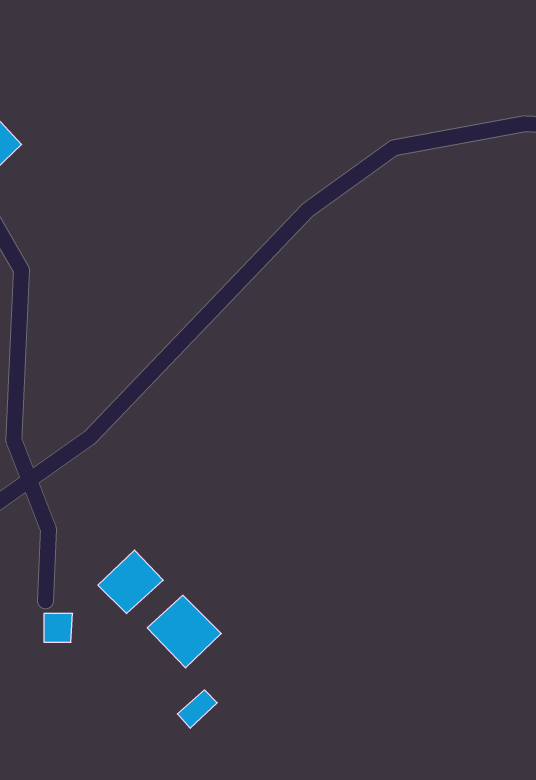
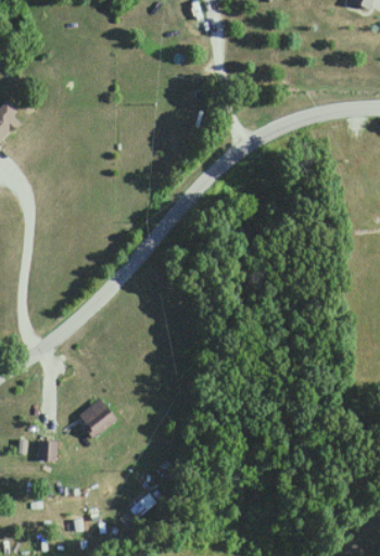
building: [147,595,221,668] -> none

